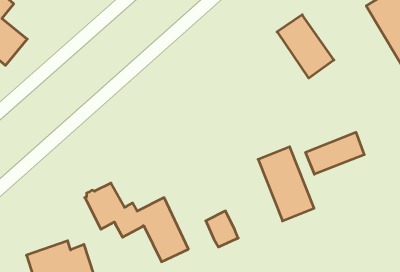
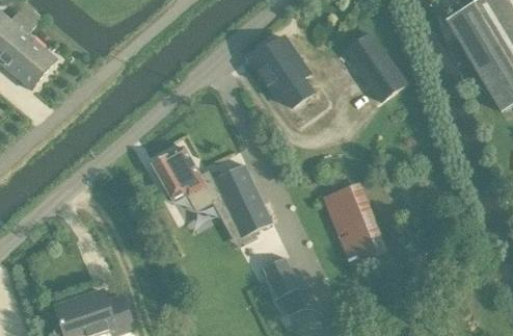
building: none -> [250,35,314,106]
building: [306,132,364,174] -> none
building: [85,183,188,262] -> [153,146,272,236]

